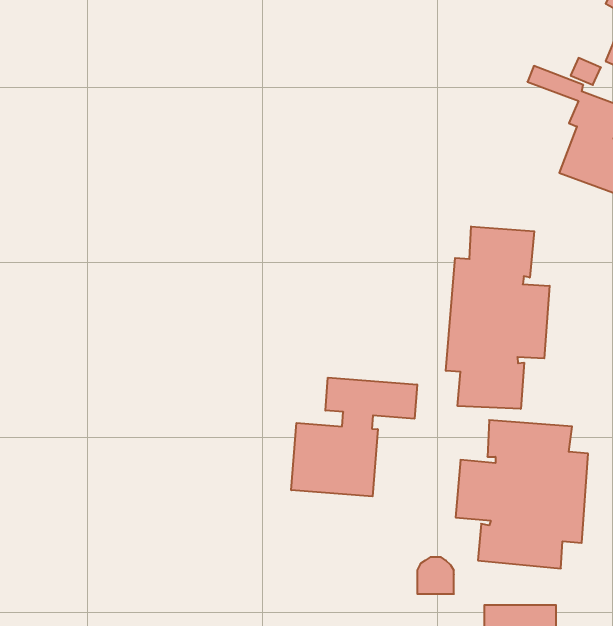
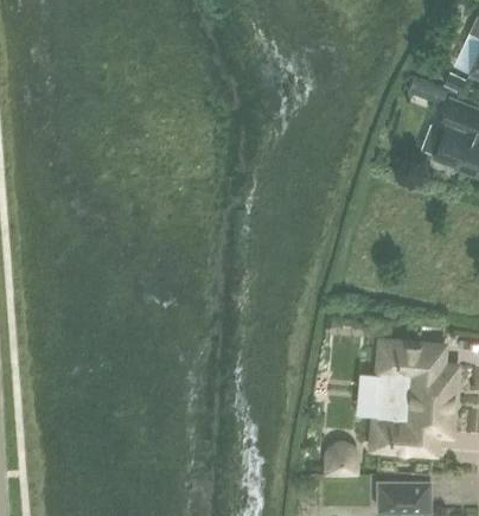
building: [446,226,550,409] -> none
building: [291,378,417,496] -> none

